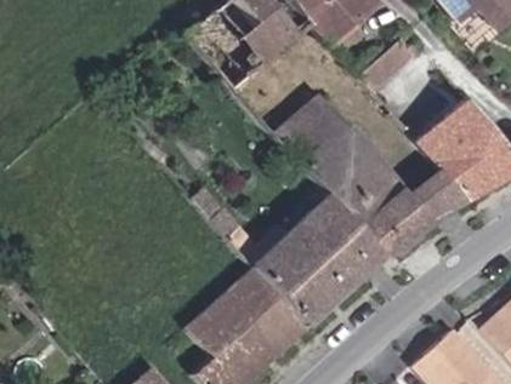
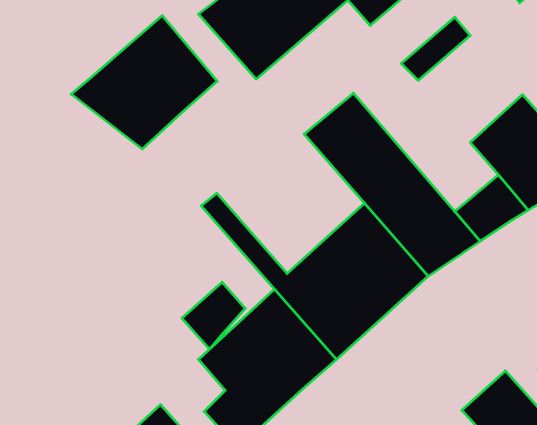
building: none -> [71,16,217,149]
building: none -> [182,282,245,349]

